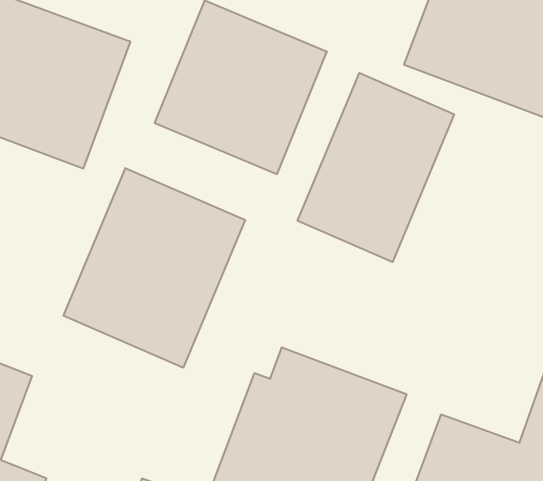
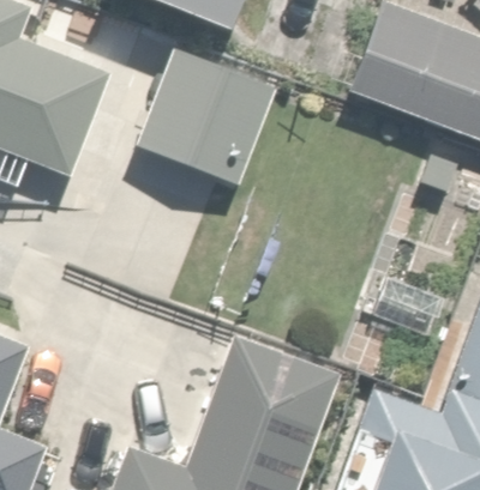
building: [297,73,454,262] -> none
building: [64,168,245,368] -> none

